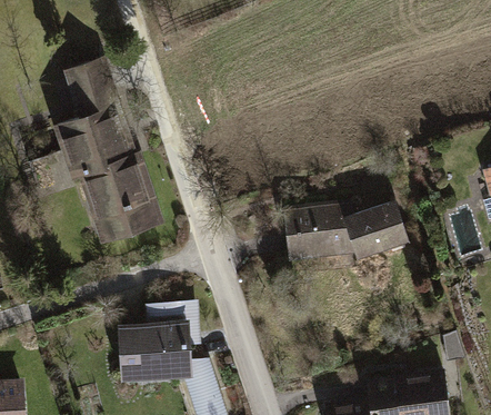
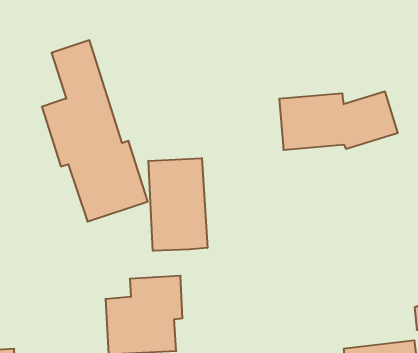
building: none -> [148,158,207,251]
building: [284,199,409,260] -> [279,92,398,150]

